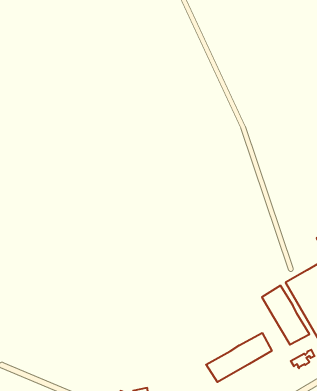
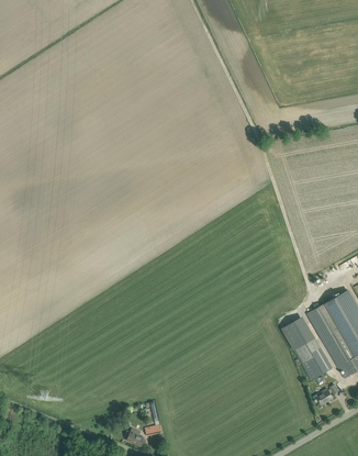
building: [206,333,272,382] -> none

